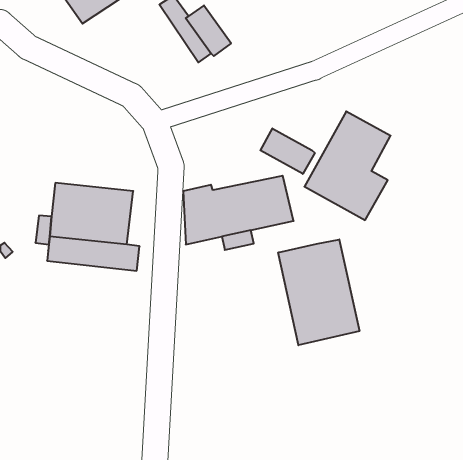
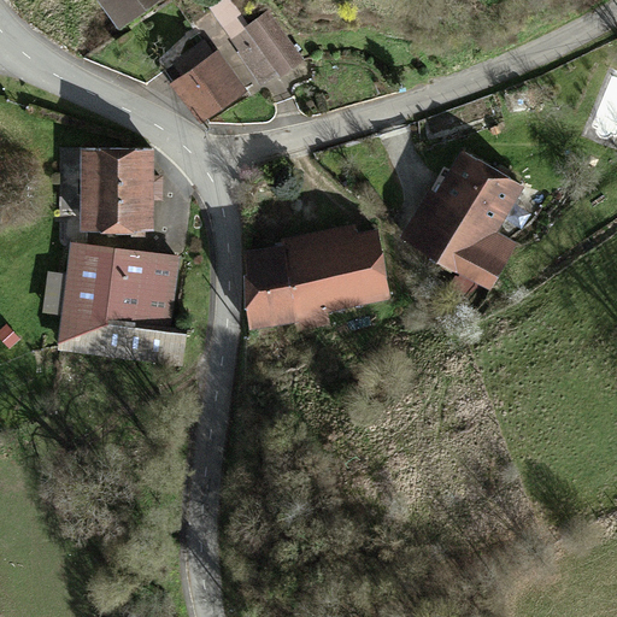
building: none -> [177,35,248,119]
building: none -> [82,154,160,240]
building: [260,128,315,174] -> none
building: [278,239,359,345] -> none

